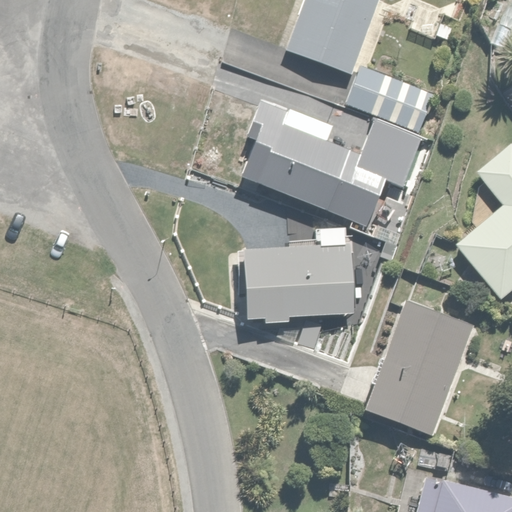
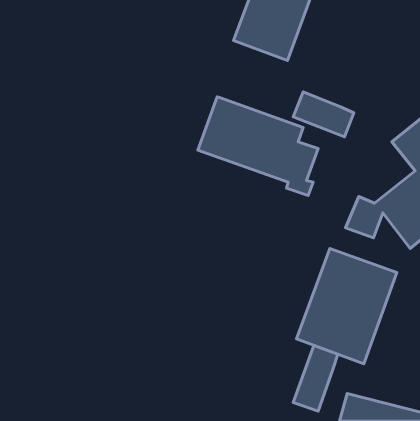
building: [349,62,430,129] -> none
building: [240,242,353,322] -> none
building: none -> [293,345,338,411]

